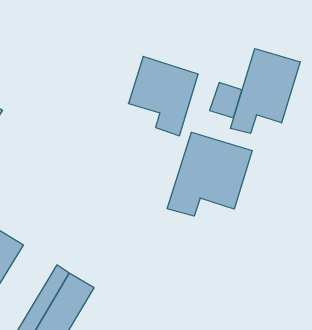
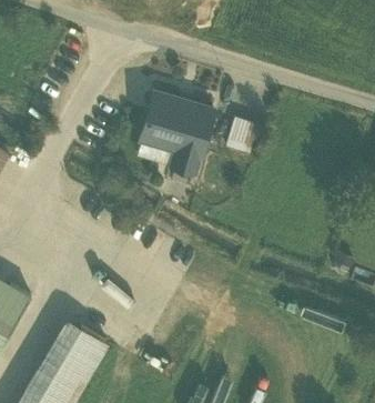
building: [230,49,300,133] -> none
building: [167,132,252,216] -> none

